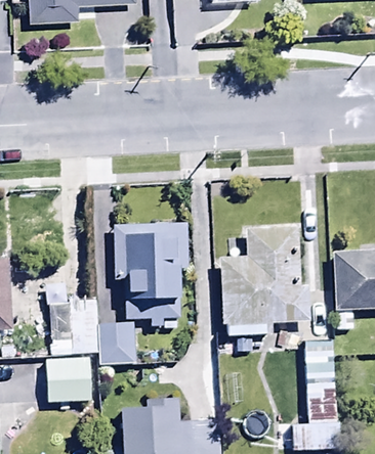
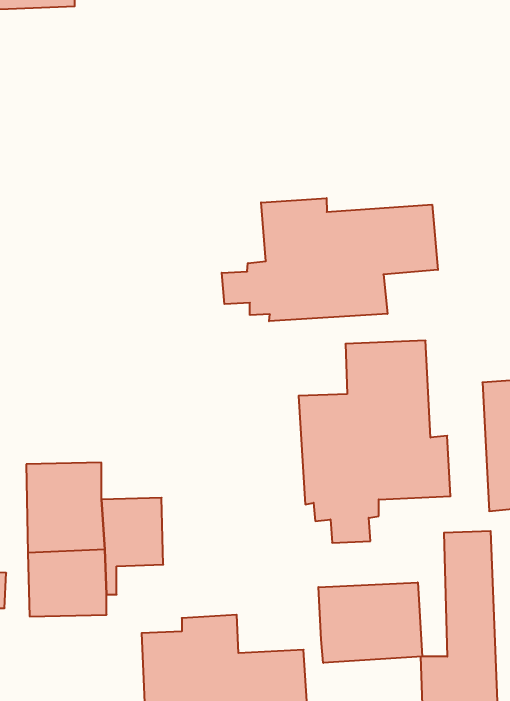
building: none -> [222,198,438,321]
building: [113,223,187,327] -> none
building: none -> [318,582,422,663]

